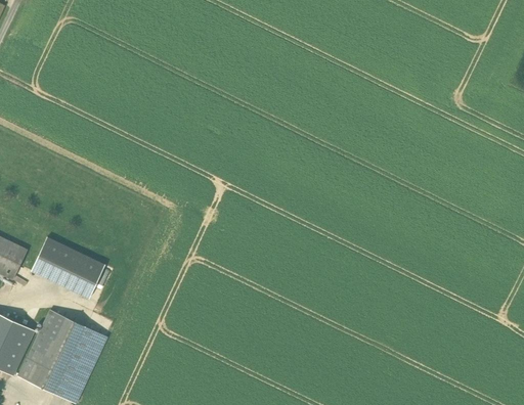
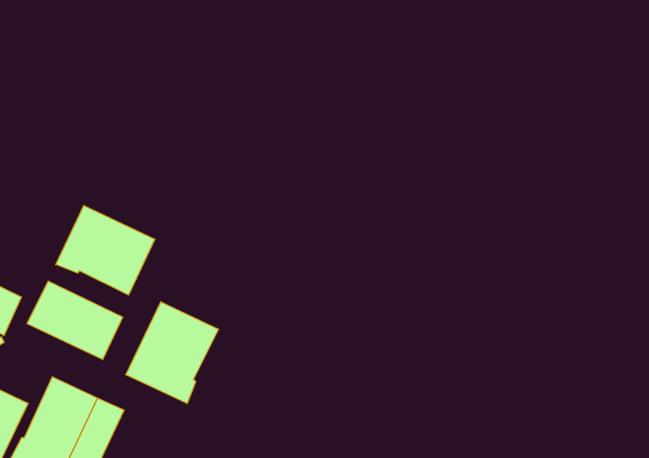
building: none -> [56,205,155,295]
building: none -> [126,302,218,404]

